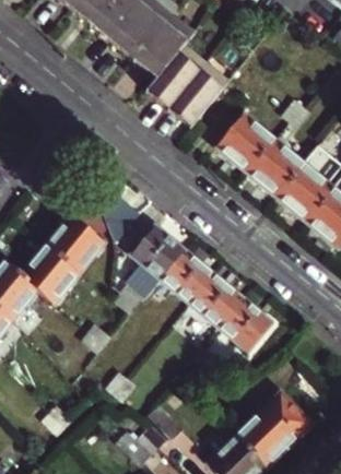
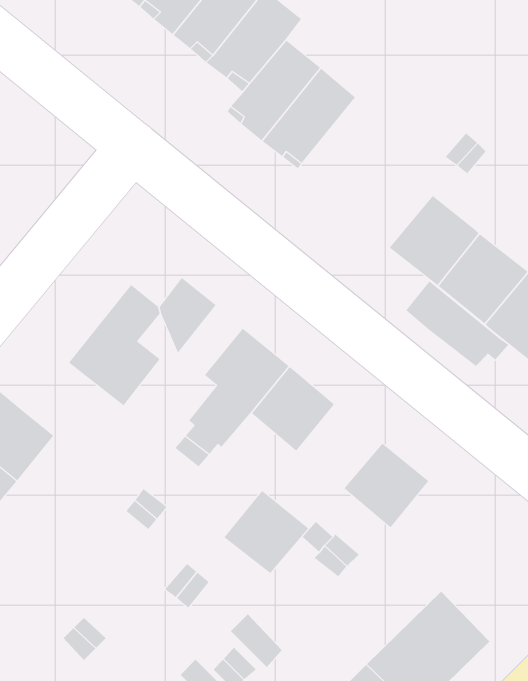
building: [216,115,274,174] -> none
building: none -> [405,281,509,367]
building: [20,246,81,306] -> none
building: [189,272,243,324] -> [224,490,309,574]

